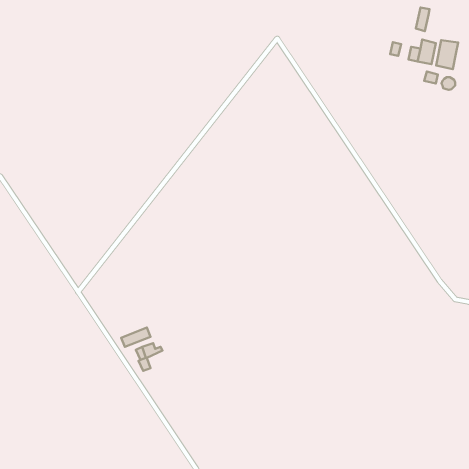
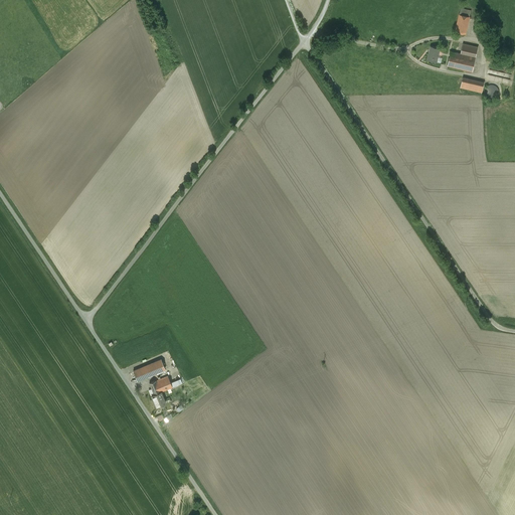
building: [436,40,458,69] -> none

